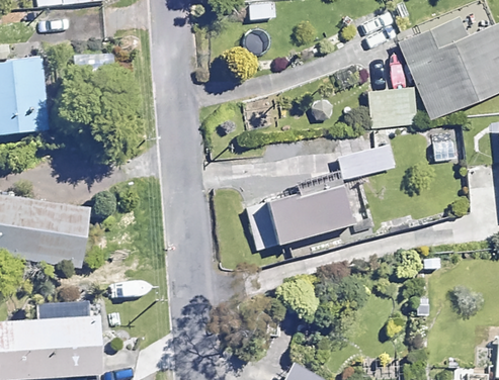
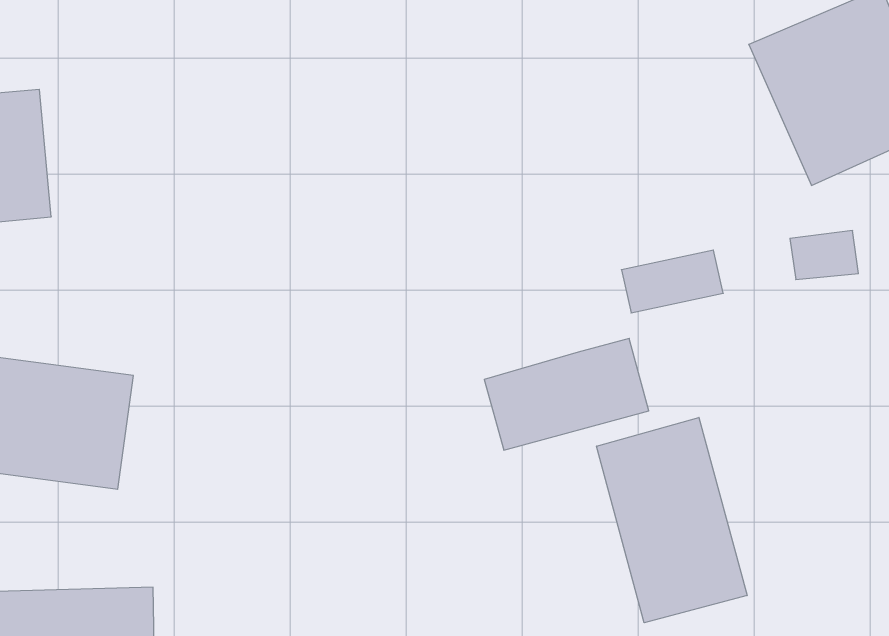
building: [366,86,415,126] -> none
building: none -> [597,417,747,623]

